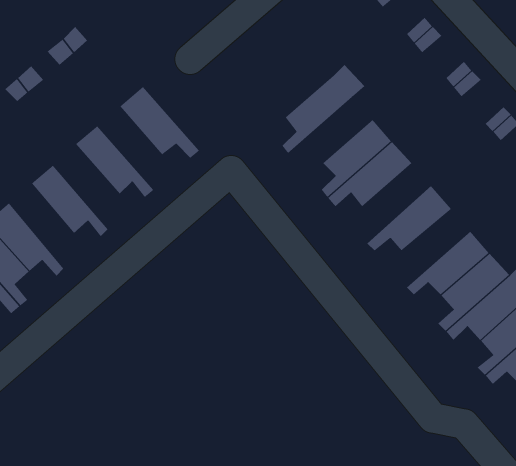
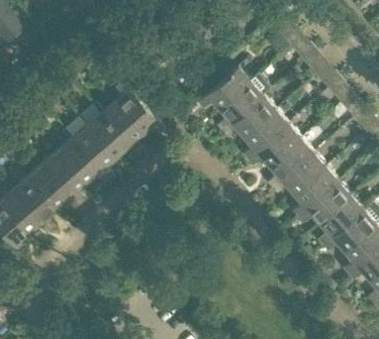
building: none -> [197,66,252,108]
building: none -> [222,95,277,137]
building: none -> [100,101,141,154]
building: none -> [72,125,114,180]
building: none -> [269,137,314,189]
building: none -> [43,150,85,205]
building: none -> [293,166,340,217]

